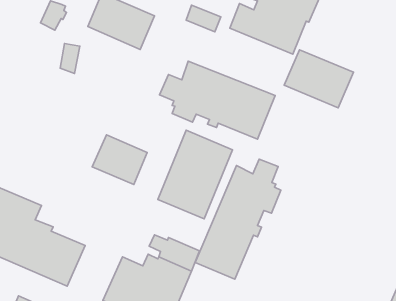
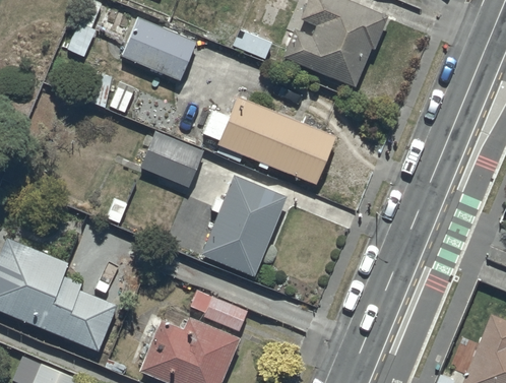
building: [284,50,354,108] -> none
building: [92,135,147,184] -> [140,131,203,188]
building: [195,159,281,279] -> none

